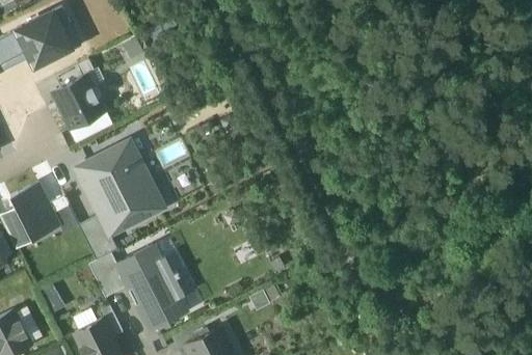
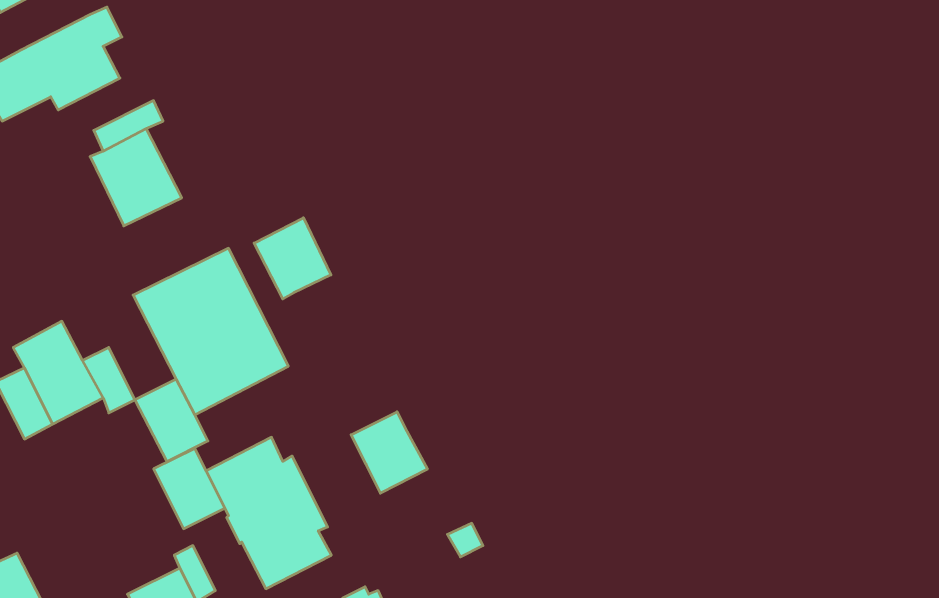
building: none -> [254,218,331,299]
building: none -> [351,412,427,493]

